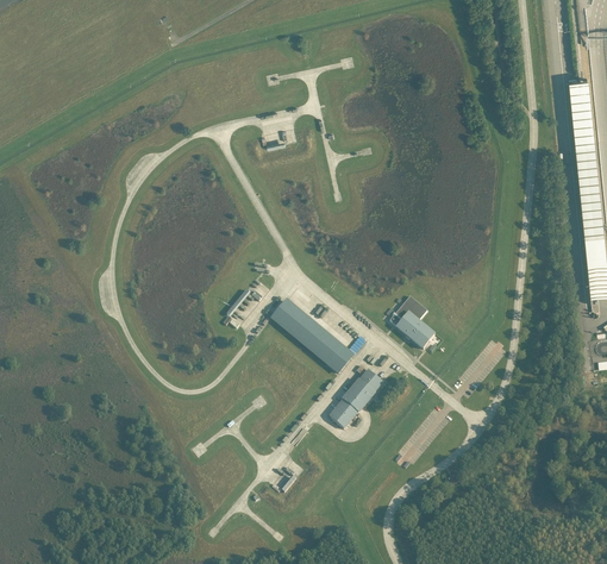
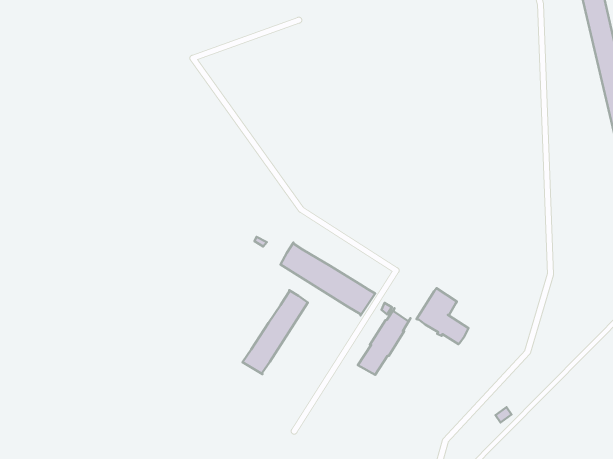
building: [389,294,434,346] -> [416,288,468,344]
building: none -> [243,290,308,374]

